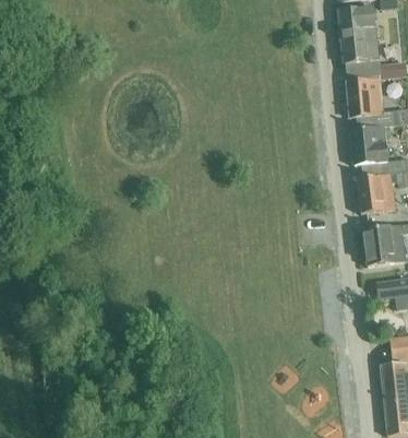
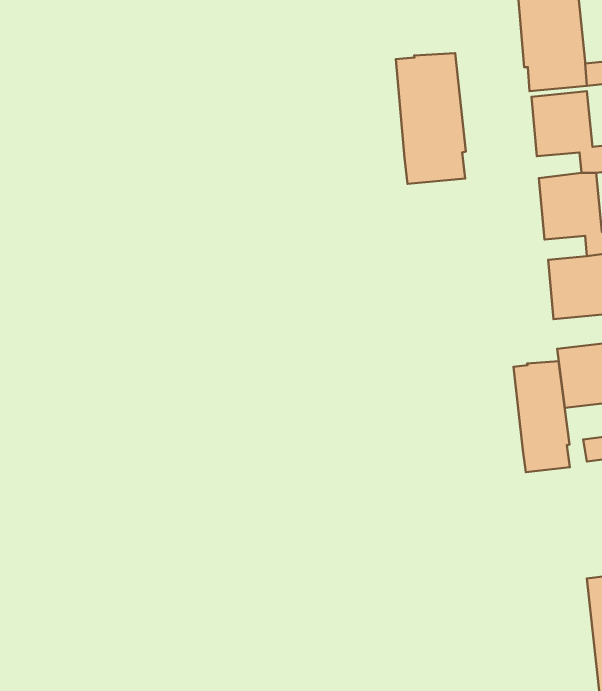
building: none -> [396,53,466,184]
building: none -> [514,361,570,472]

